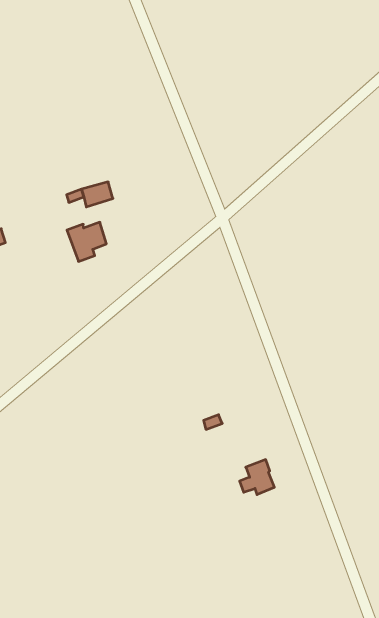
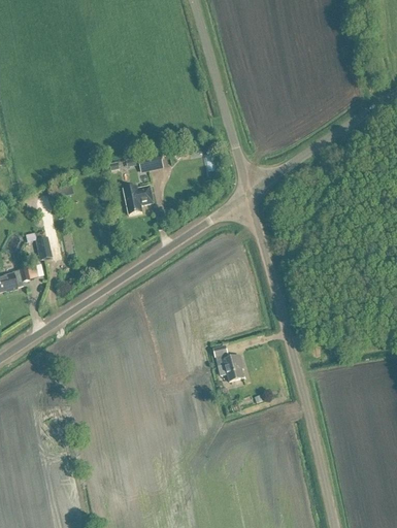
building: [240,460,274,495] -> [217,354,243,381]

